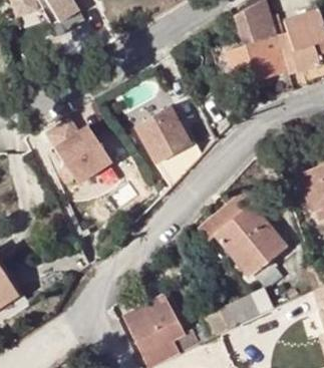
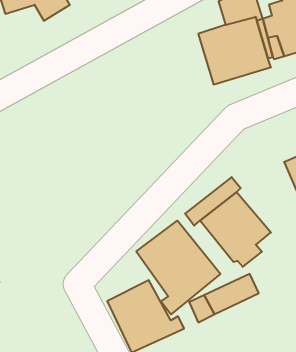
building: [135,108,200,189] -> none
building: [47,121,112,183] -> none
building: none -> [136,221,220,314]

